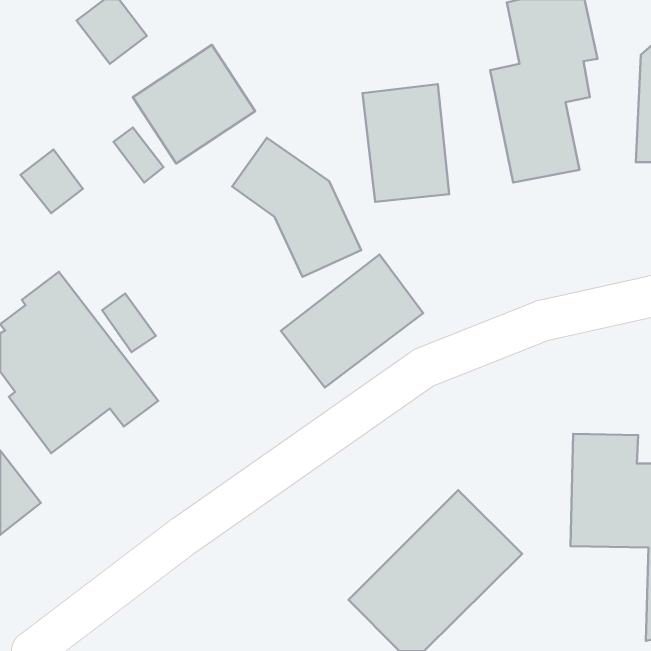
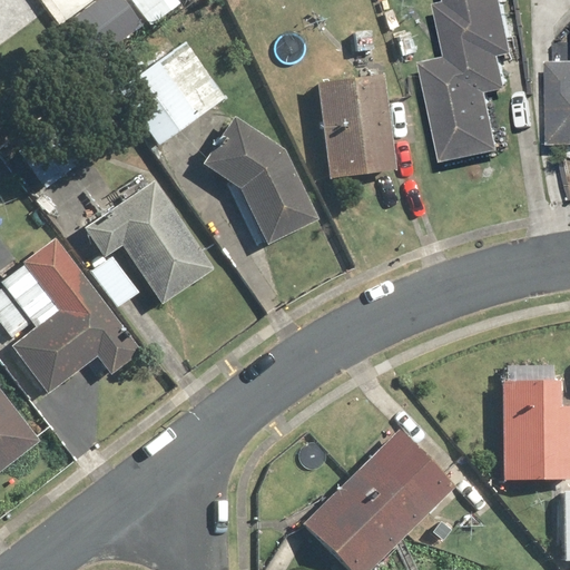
building: none -> [81,178,213,304]
building: [281,255,423,388] -> none

